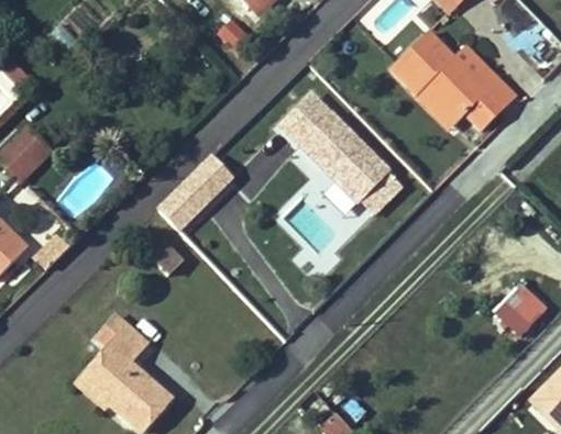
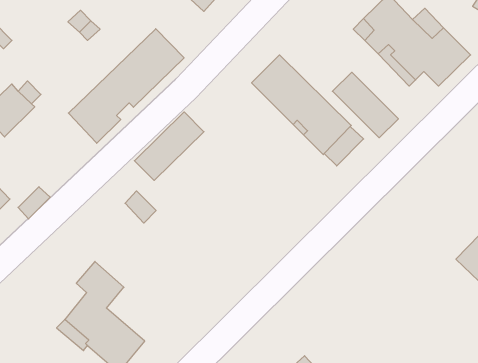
building: none -> [68,29,184,143]
building: none -> [332,72,398,138]

